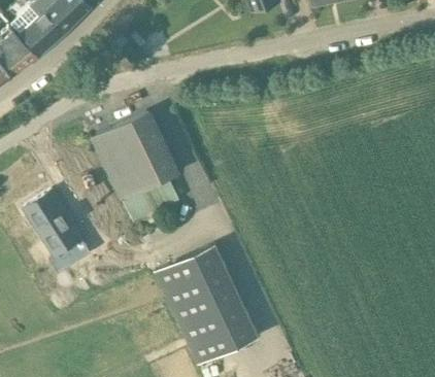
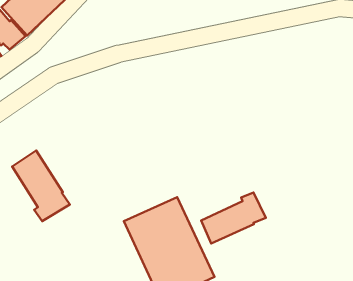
building: [90,108,180,221] -> none
building: none -> [201,192,266,244]

